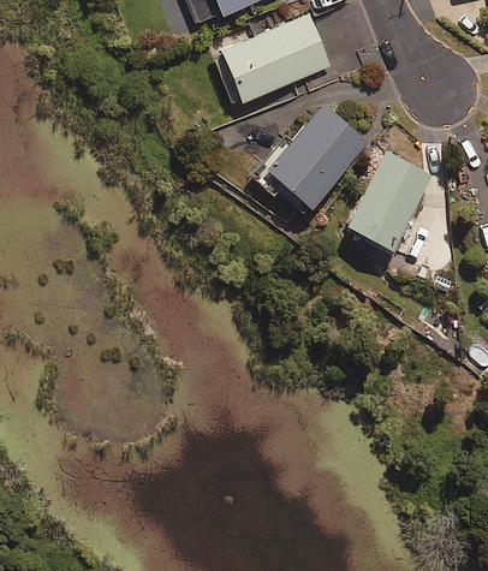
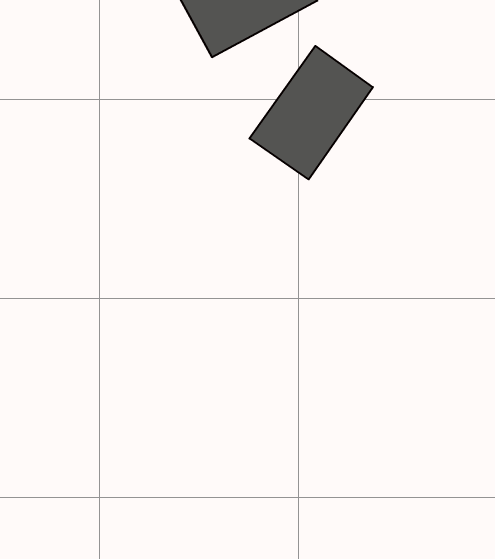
building: [346,150,433,251] -> none

